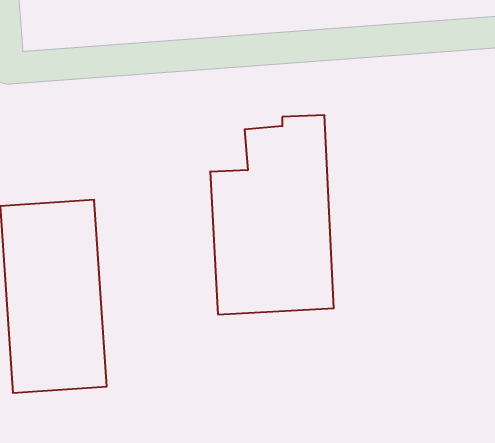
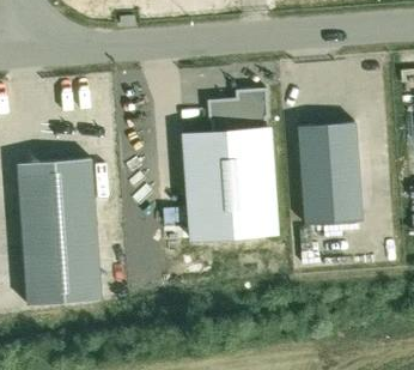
building: none -> [302,122,361,222]

